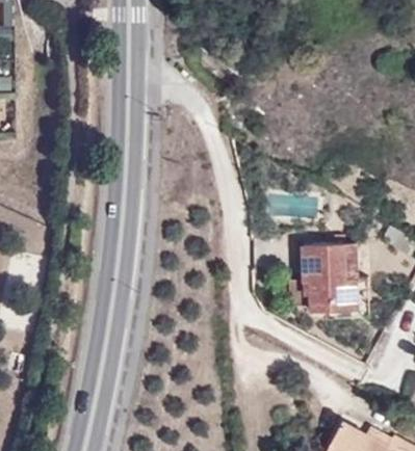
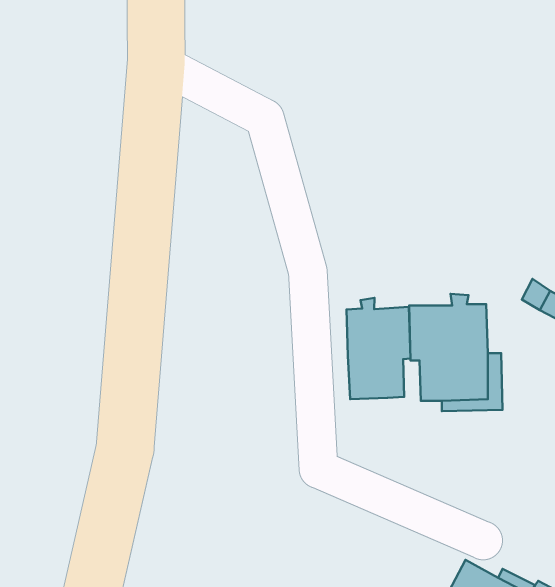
building: none -> [346,298,410,399]

